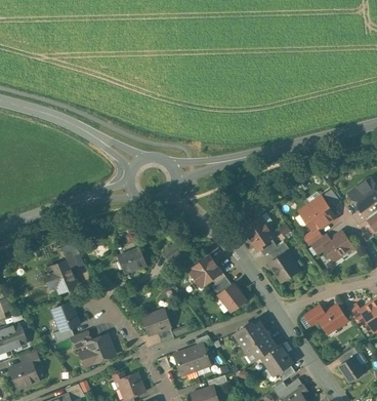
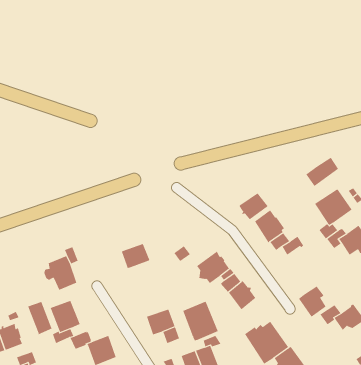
building: none -> [305,157,339,187]
building: none -> [239,192,268,220]
building: [268,251,295,281] -> [298,286,327,317]
building: none -> [182,301,219,341]
building: none -> [27,301,53,335]

